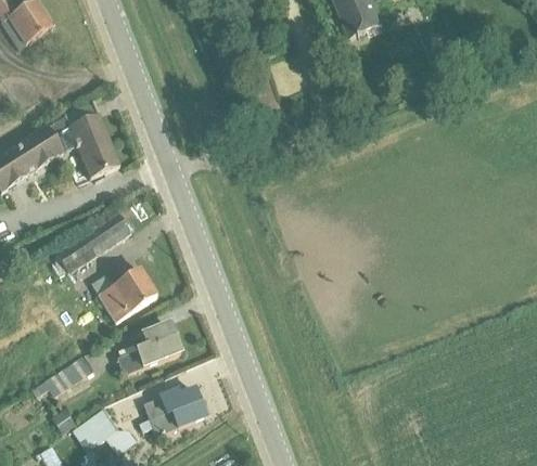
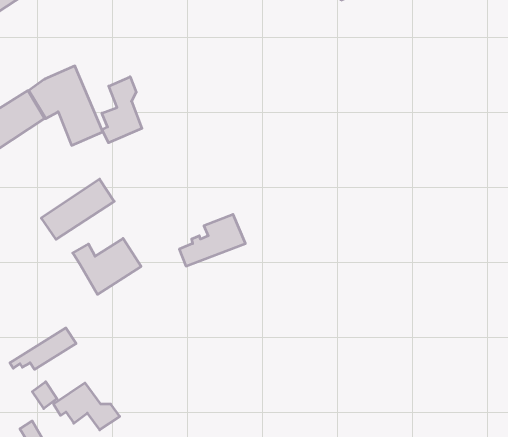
building: none -> [102,77,142,143]
building: [116,324,180,374] -> [179,214,245,266]
building: [138,389,205,435] -> none

